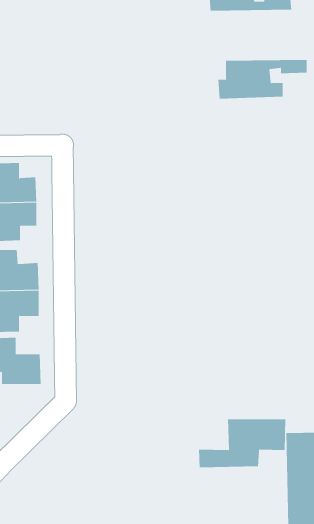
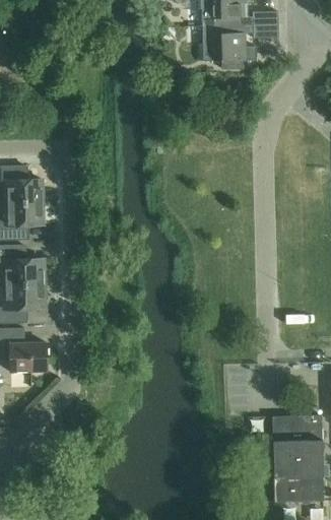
building: [218,60,308,99] -> [195,24,278,61]
building: [199,419,286,468] -> none

